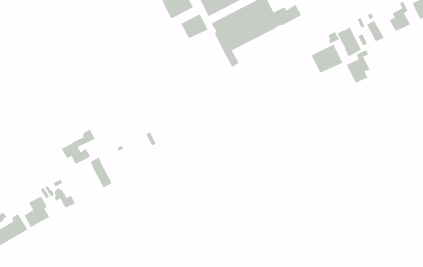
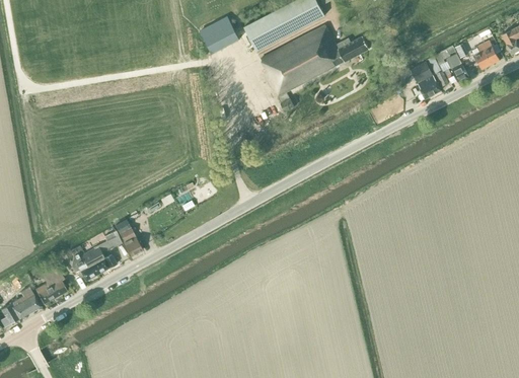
building: [180,13,208,39] -> none
building: [311,44,343,73] -> none
building: [346,49,370,83] -> none
building: [61,129,96,165] -> [80,231,122,275]

